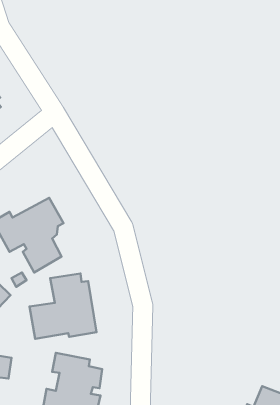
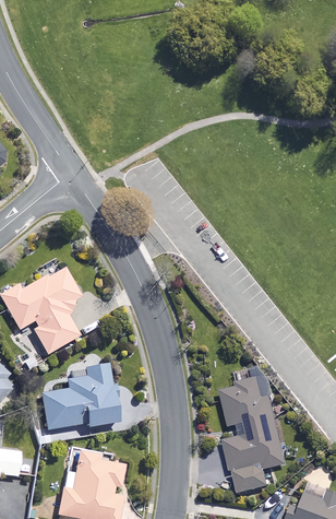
building: none -> [218,363,285,489]

